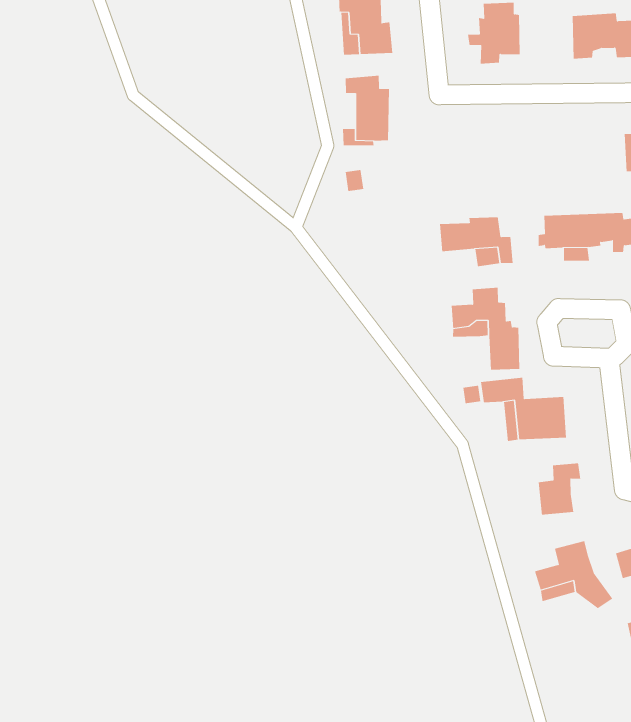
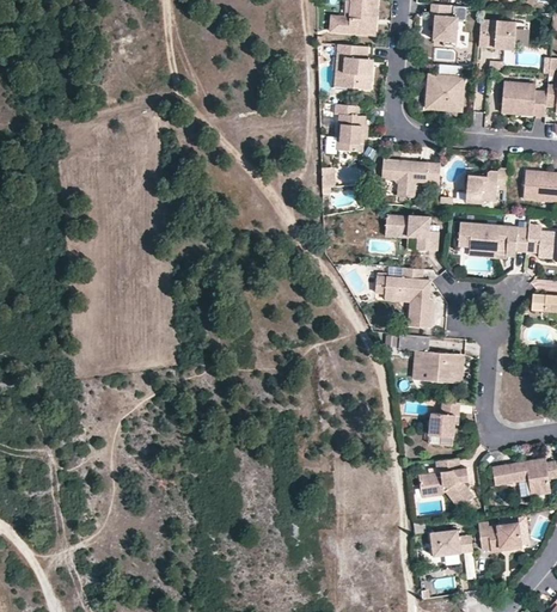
building: none -> [392,155,441,196]
building: none -> [466,170,508,202]
building: none -> [428,528,472,556]

